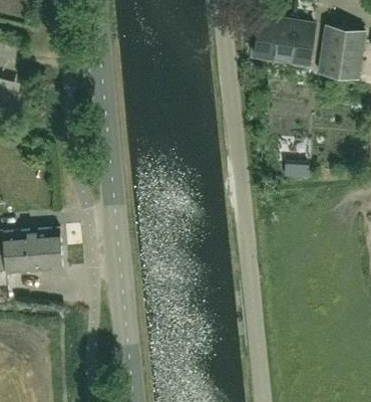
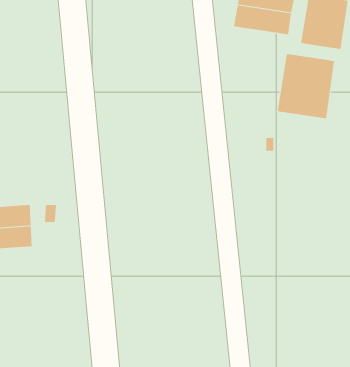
building: none -> [277,53,335,119]

